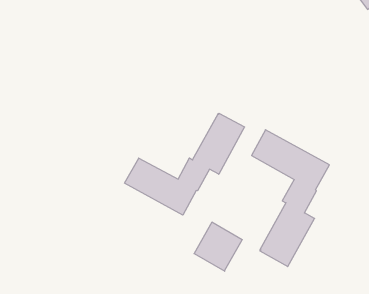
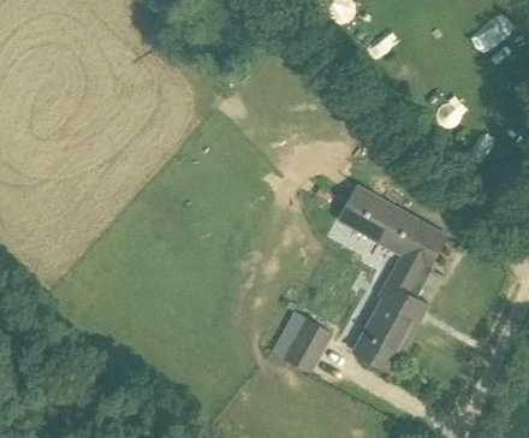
building: [125,113,245,215] -> none

